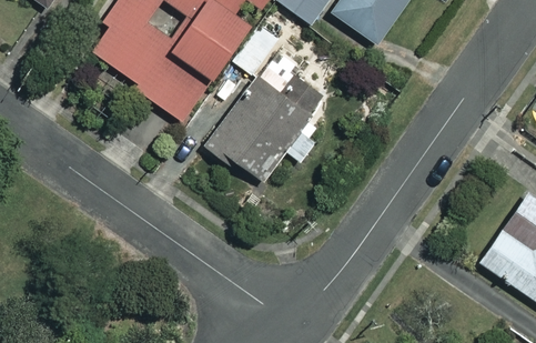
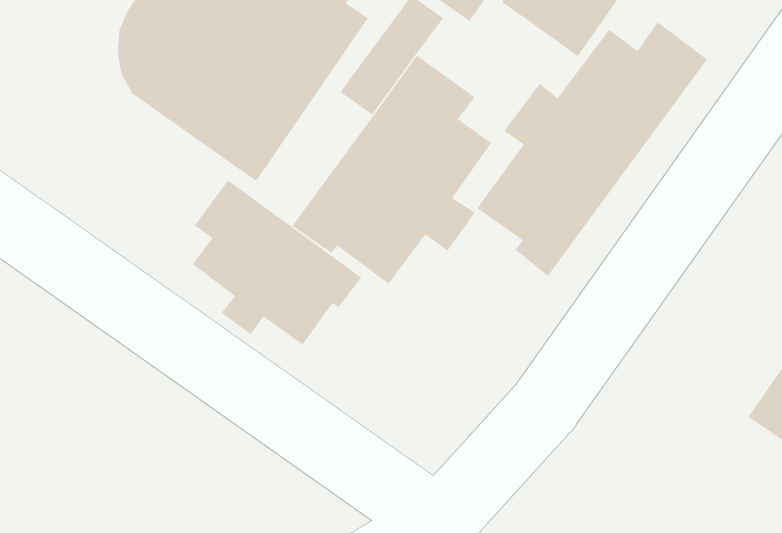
building: none -> [477,22,708,277]
building: none -> [192,179,362,346]

